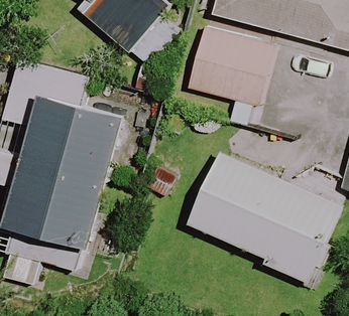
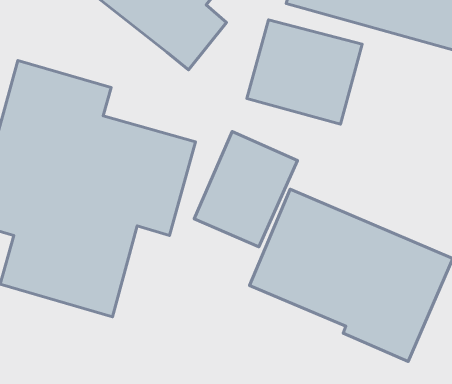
building: none -> [194,132,297,247]

